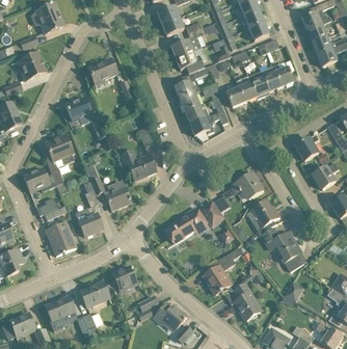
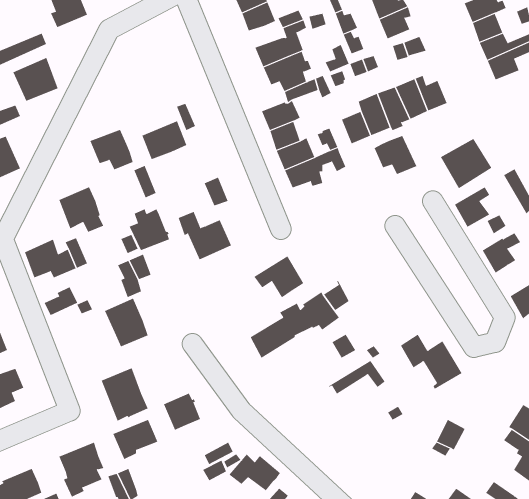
building: [88,58,117,83] -> [142,121,187,160]
building: none -> [374,135,417,175]
building: none -> [440,138,492,189]
building: [232,172,264,199] -> [254,255,304,298]
building: [105,183,131,210] -> [129,208,170,251]
building: [252,200,281,234] -> none
building: [46,221,76,256] -> [101,367,148,421]
building: [205,266,235,294] -> none
building: [236,283,261,321] -> none

